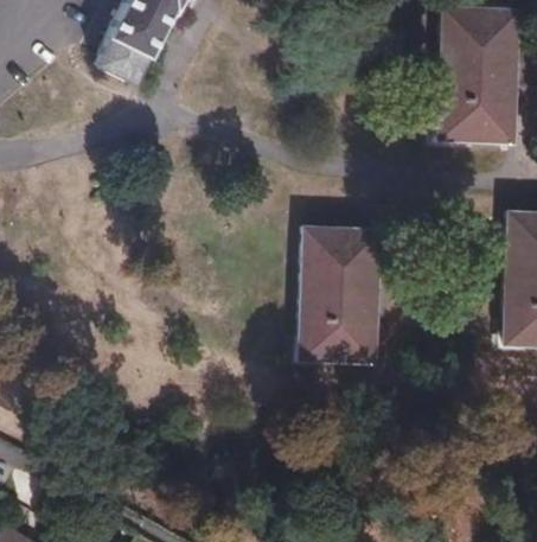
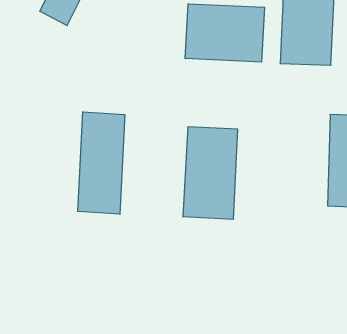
building: none -> [185,4,265,62]
building: none -> [78,112,125,214]

